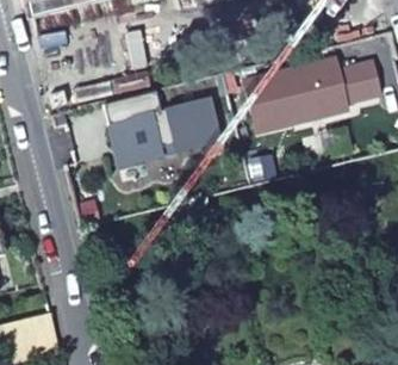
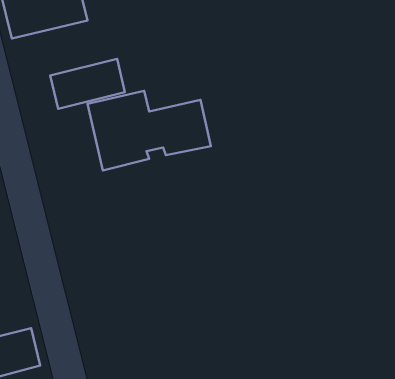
building: [244,57,379,123] -> none

